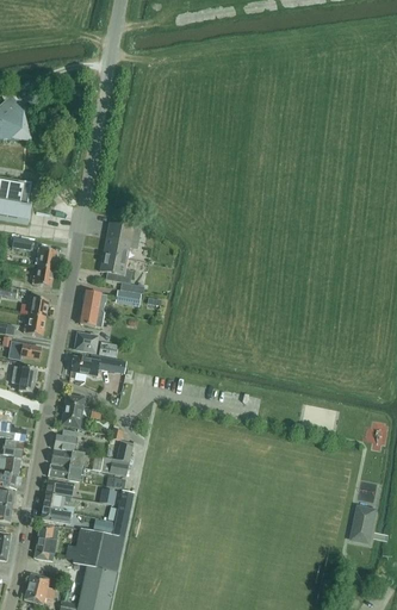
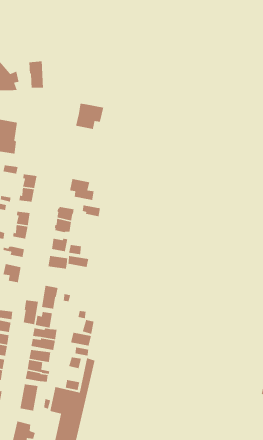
building: none -> [29,61,44,89]
building: [103,223,141,259] -> [75,103,104,130]
building: none -> [23,300,39,325]

